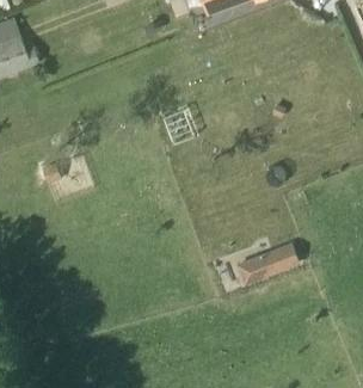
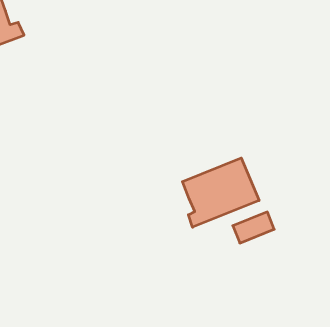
building: none -> [182,158,259,227]

